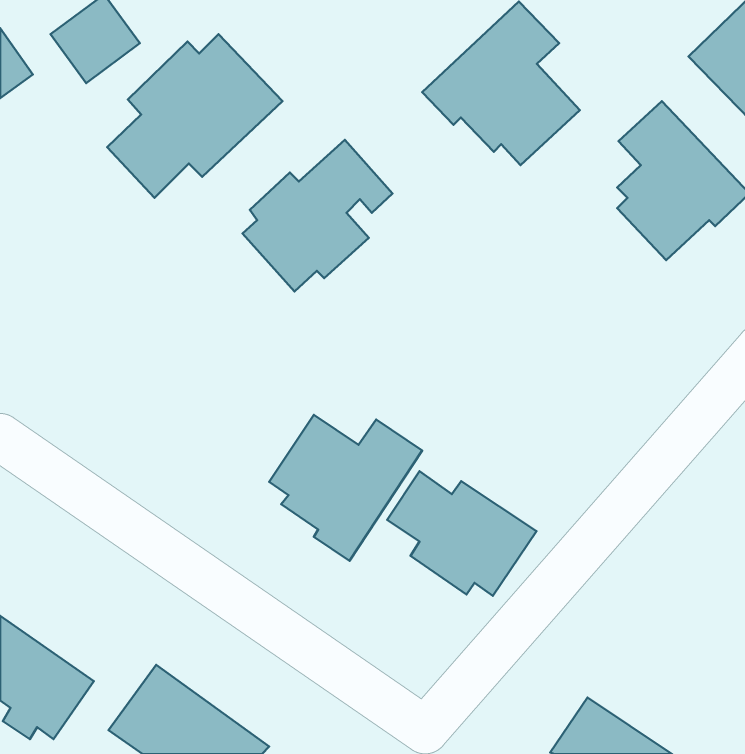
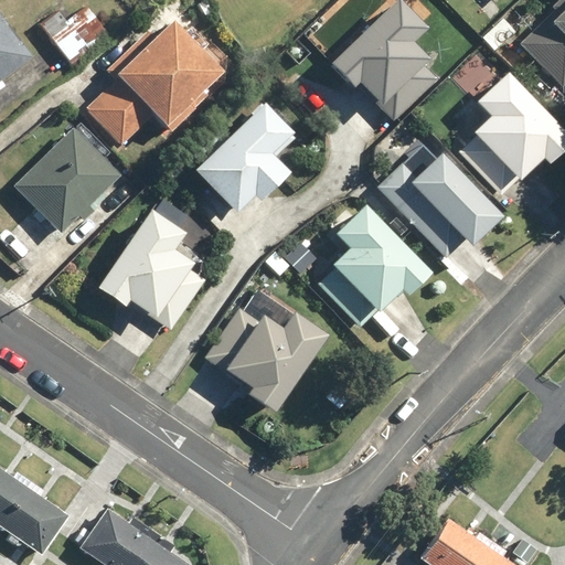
building: none -> [18,127,124,234]
building: none -> [380,143,499,250]
building: none -> [324,206,428,317]
building: none -> [94,212,220,334]
building: [387,471,537,596] -> none

